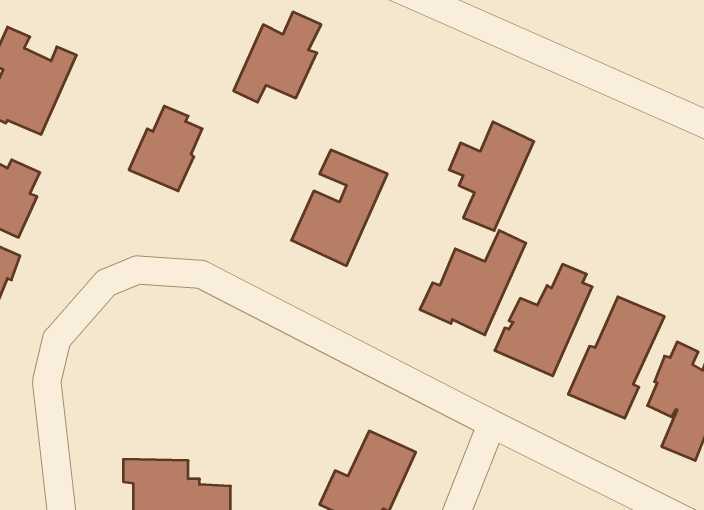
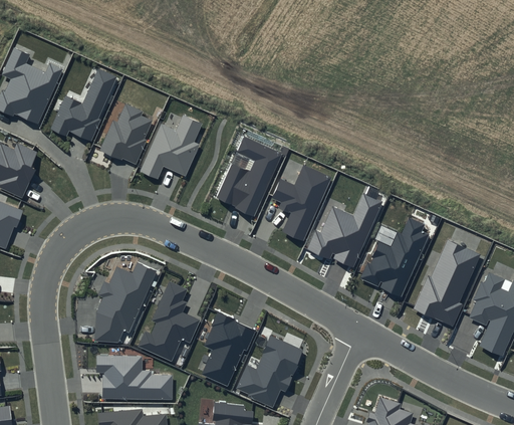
building: [234,12,321,102] -> [141,115,203,179]
building: none -> [50,68,116,140]
building: [449,122,534,231] -> [272,164,332,241]
building: none -> [94,261,157,343]
building: none -> [138,281,202,362]
building: none -> [203,312,257,386]

